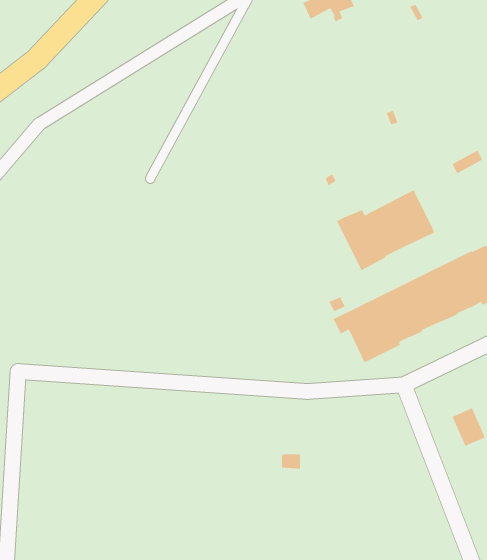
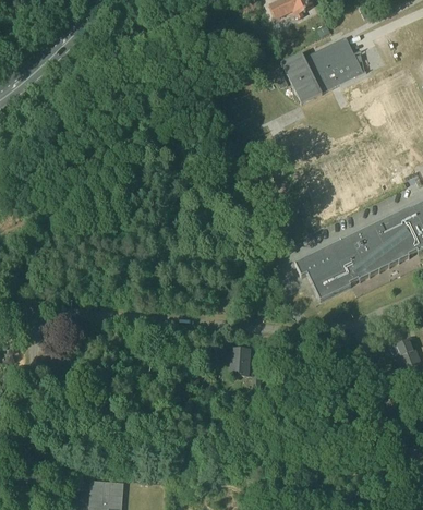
building: [336,189,435,271] -> [280,36,362,104]
building: none -> [230,347,250,375]

